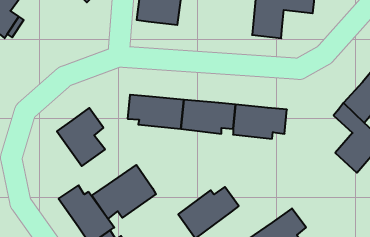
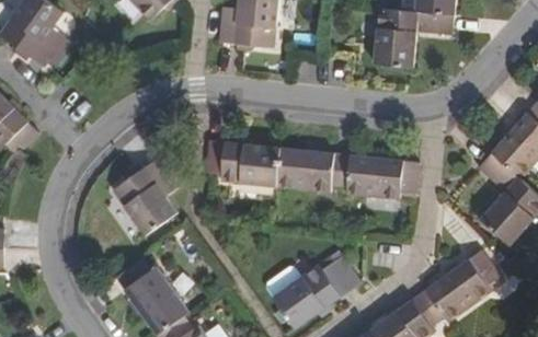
building: [92,165,156,219] -> none
building: none -> [424,249,500,323]

